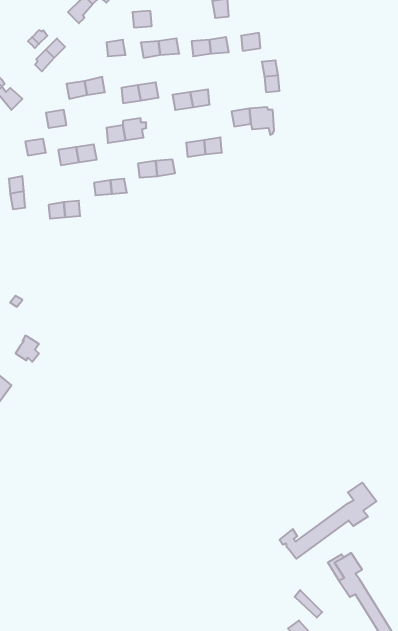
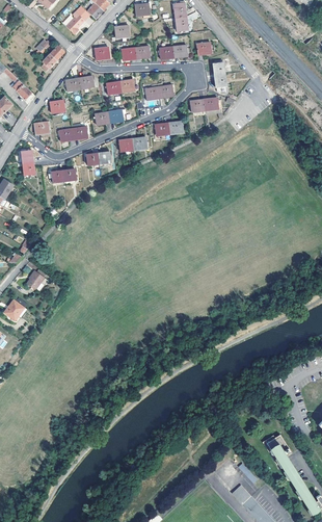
building: [280,483,376,559] -> none

